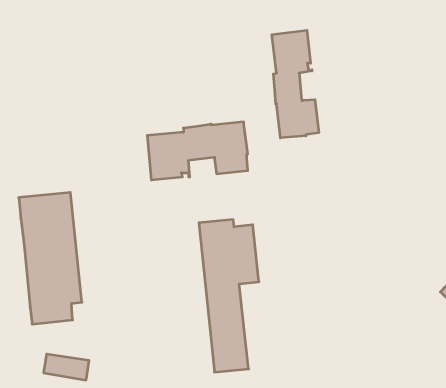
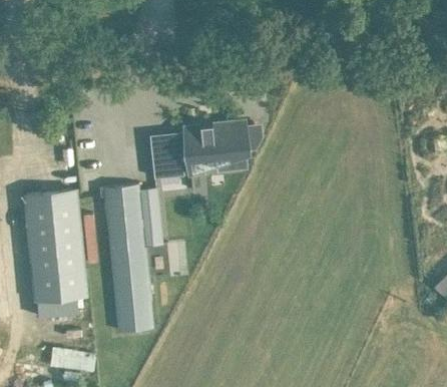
building: [272,30,319,138] -> none
building: [199,220,259,372] -> [105,183,163,331]

